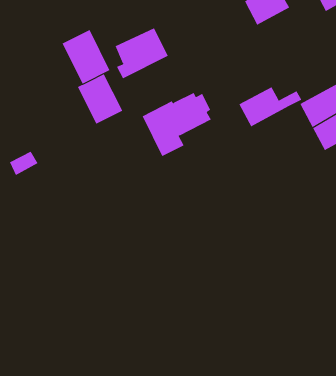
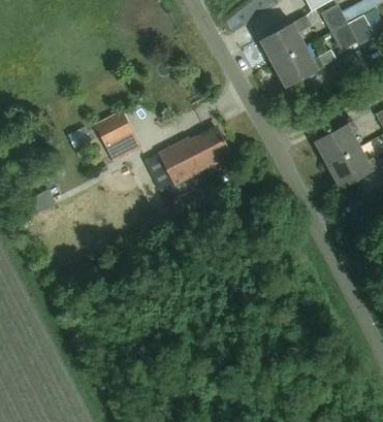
building: [115,28,168,79] -> none
building: [62,29,110,84] -> none
building: [238,86,302,127] -> [273,46,336,87]

